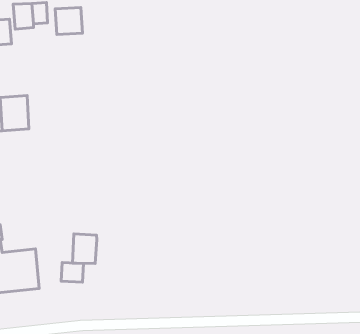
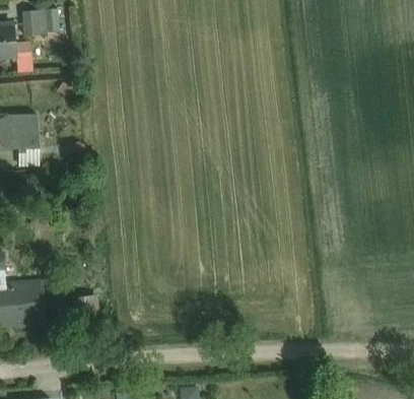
building: [55,8,82,35] -> none
building: [73,234,97,264] -> none

